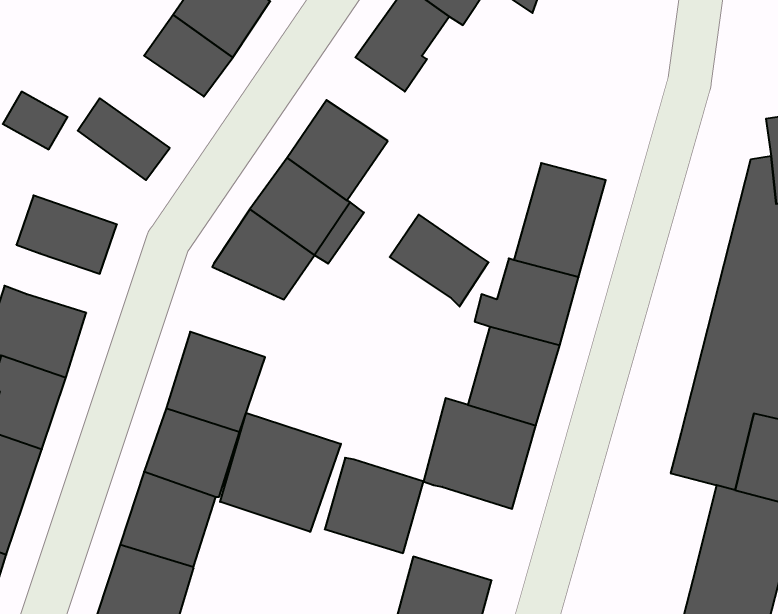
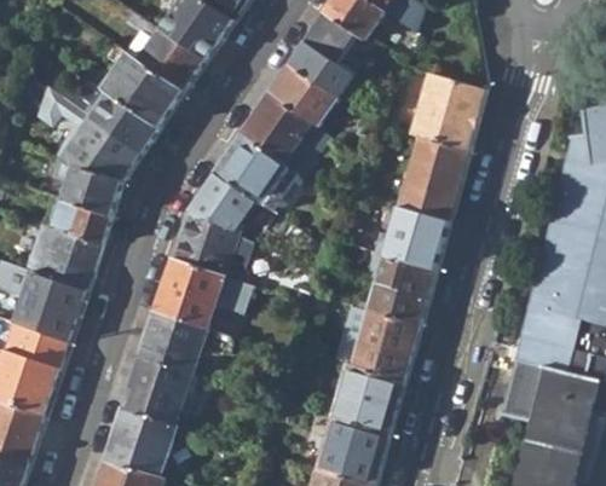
building: none -> [105,56,181,127]
building: none -> [411,71,485,150]
building: none -> [60,115,140,181]
building: [390,215,489,307] -> [269,63,339,128]
building: none -> [56,202,108,244]
building: none -> [172,212,238,276]
building: [220,413,341,532] -> none
building: [325,458,424,553] -> [330,366,400,434]
building: none -> [498,358,546,424]

